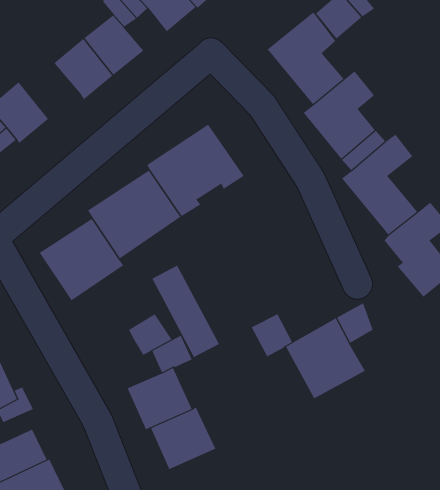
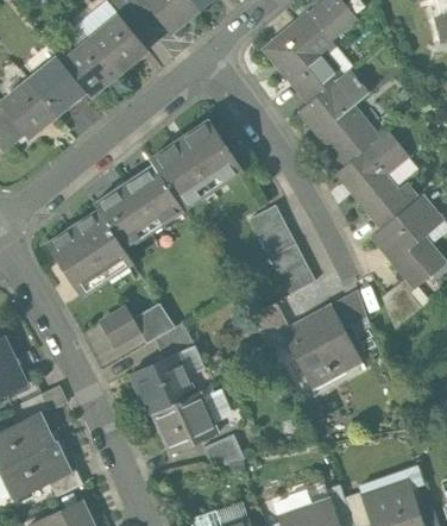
building: none -> [27,56,86,115]
building: [152,265,220,358] -> [250,206,315,295]
building: none -> [100,307,139,346]
building: none -> [207,433,245,463]

